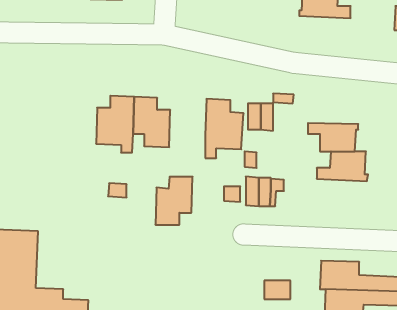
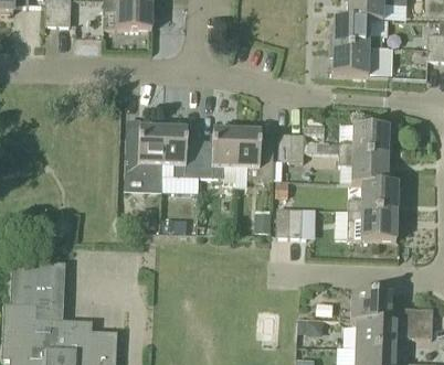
building: none -> [330,45,389,76]
building: none -> [318,125,390,154]
building: [155,177,193,225] -> [199,129,236,178]
building: none -> [347,210,399,240]

